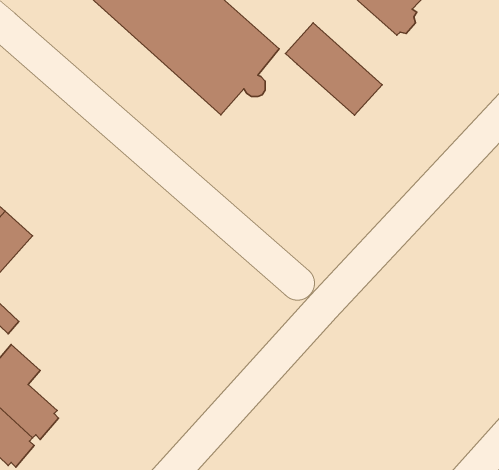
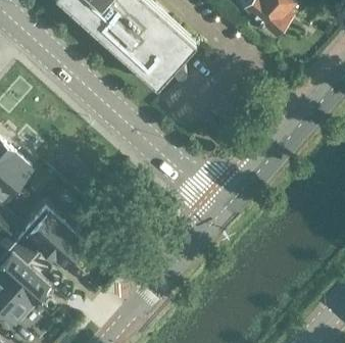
building: [285,23,382,115] -> none
building: none -> [16,211,83,267]

